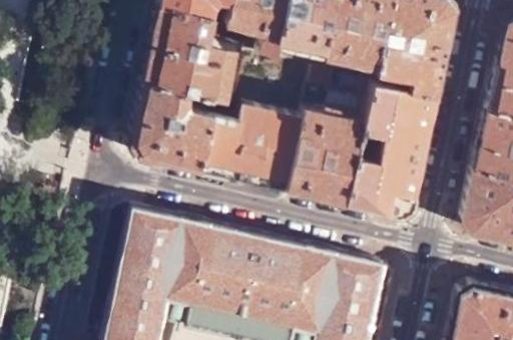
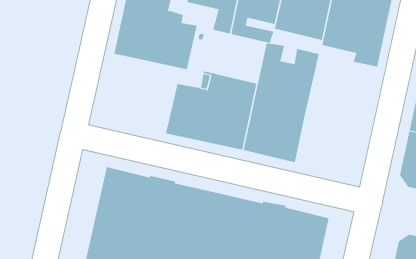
building: [129,83,214,173] -> none
building: [347,83,439,218] -> none

